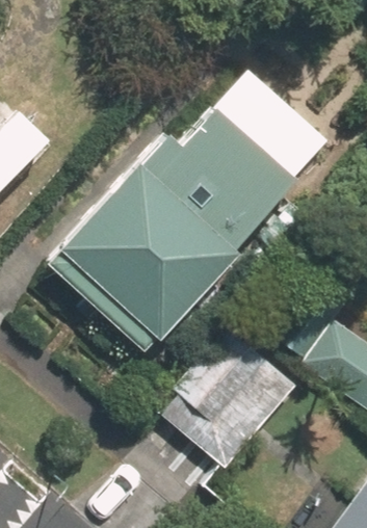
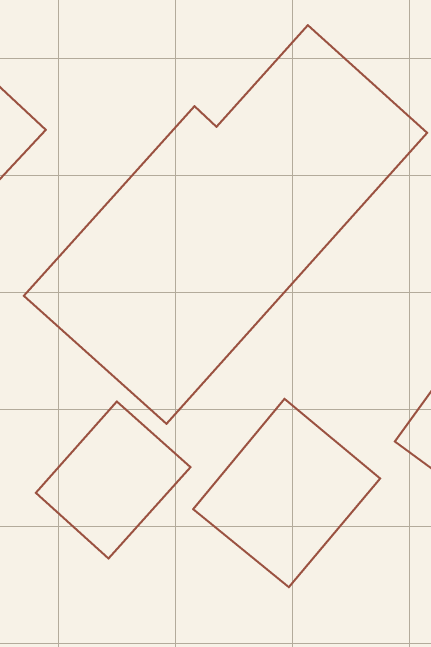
building: none -> [36,401,191,559]

